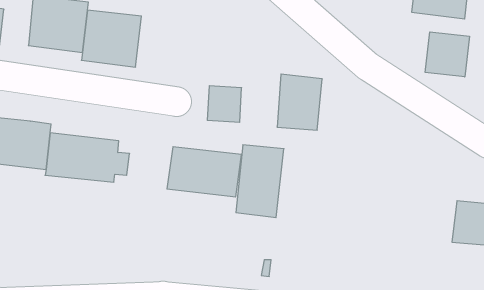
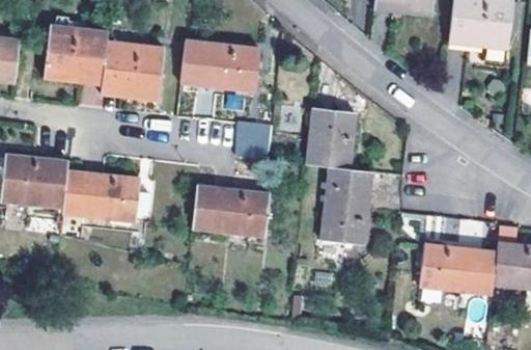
building: none -> [181,41,257,91]
building: [425,32,469,77] -> none
building: [236,145,284,218] -> [320,167,371,244]
building: none -> [419,243,496,294]

